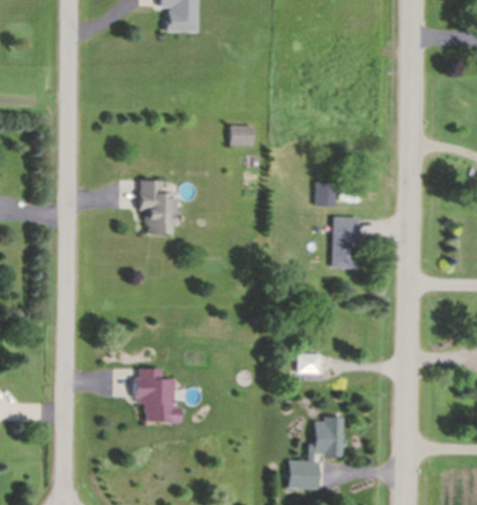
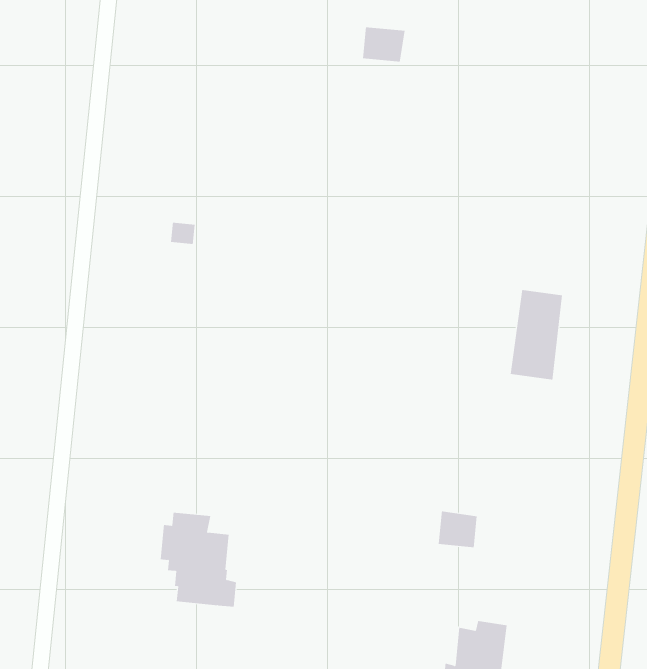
building: [231,124,255,144] -> [362,27,405,62]
building: [139,179,179,233] -> none
building: [316,181,336,205] -> none

